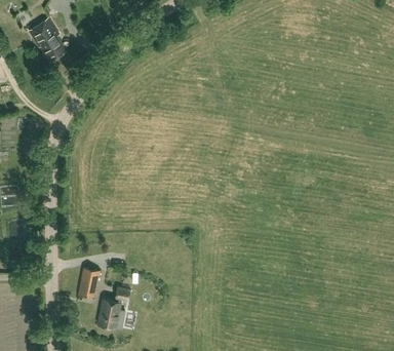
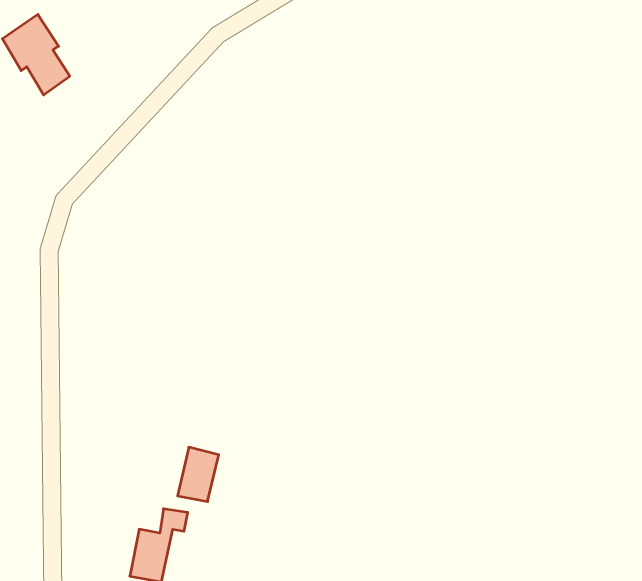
building: [77,267,100,297] -> [178,447,219,502]

